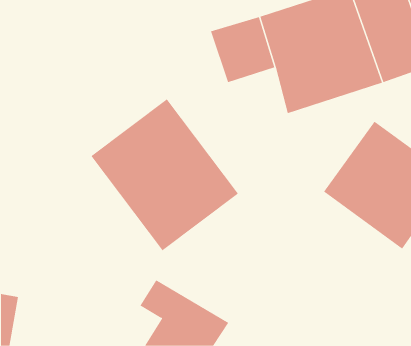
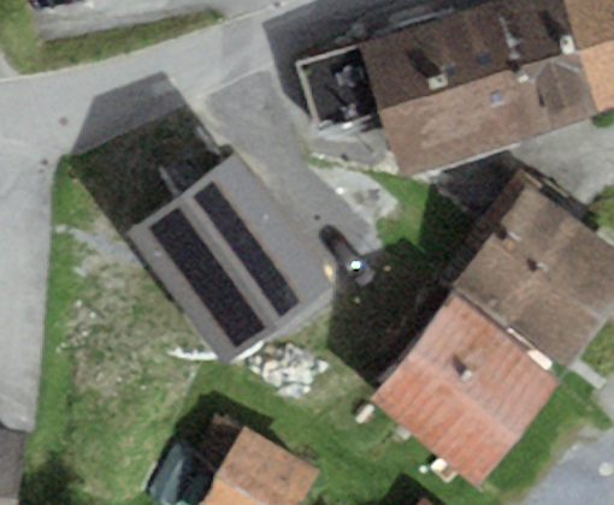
building: none -> [372,302,554,482]

